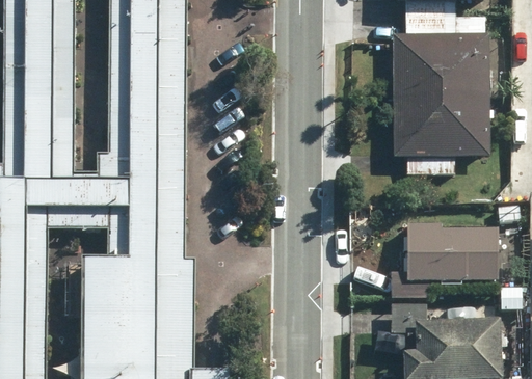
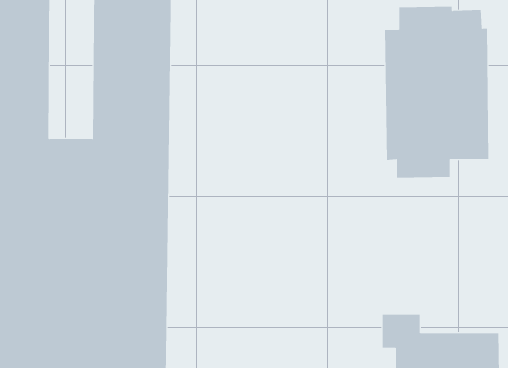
building: [391,223,500,299] -> none

